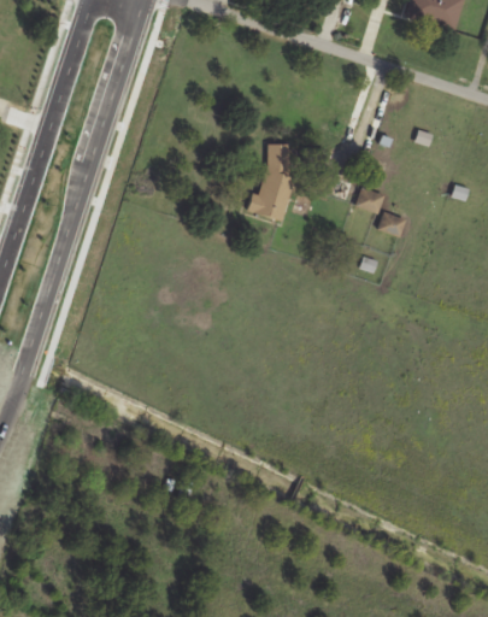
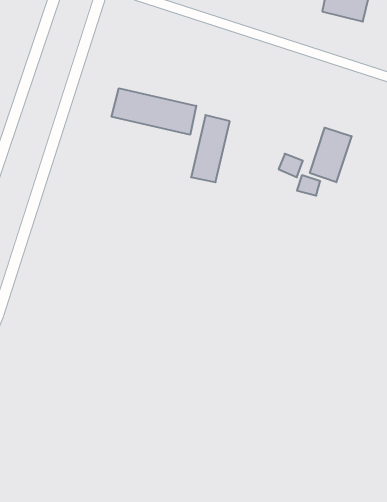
building: none -> [112,88,196,135]
building: none -> [310,128,352,182]

